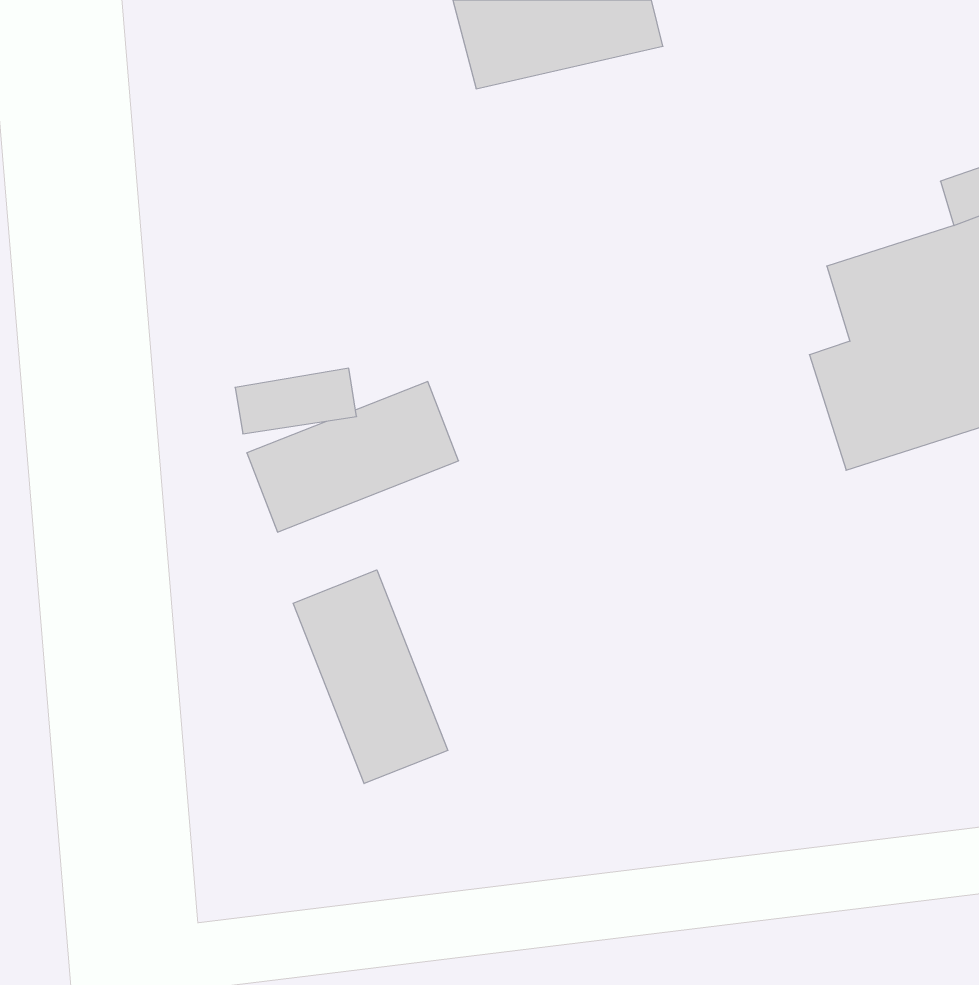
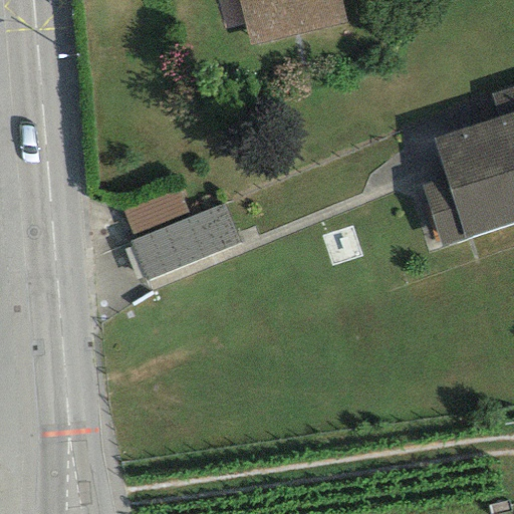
building: [293,570,448,784] -> none

